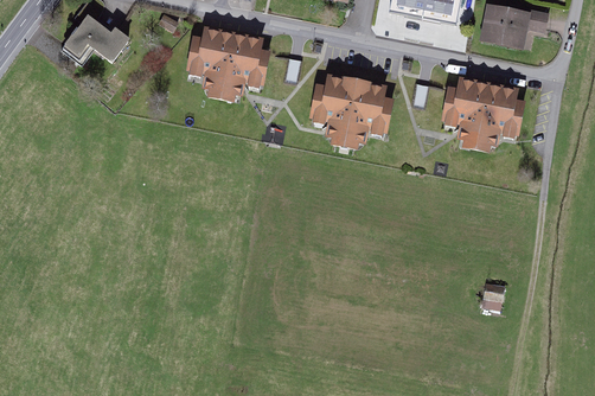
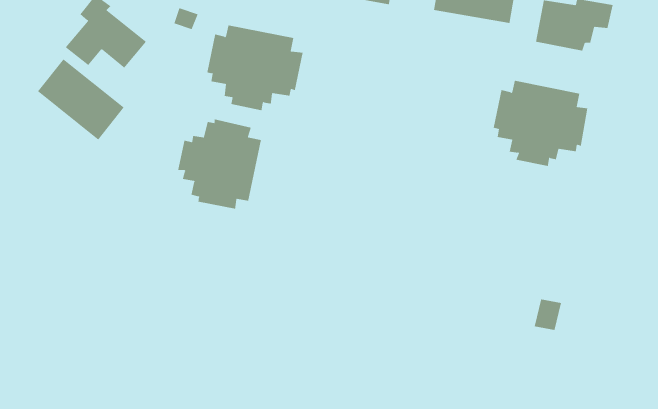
building: none -> [37,58,125,140]
building: [309,72,395,149] -> none
building: none -> [178,119,262,210]

